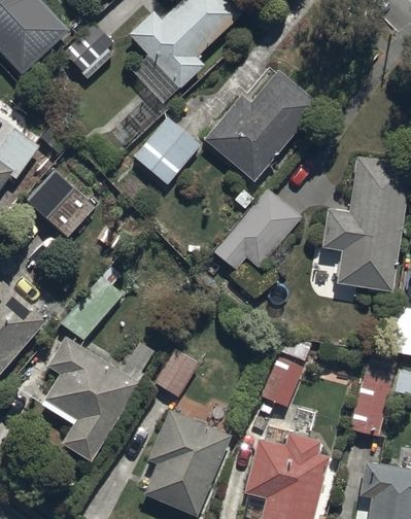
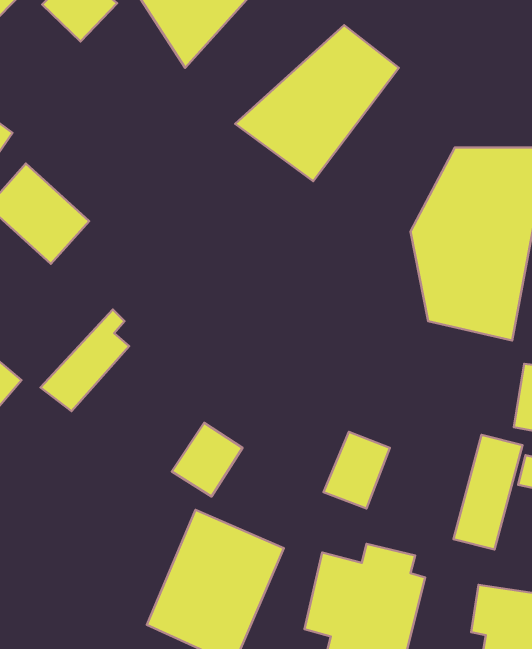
building: [133,115,202,186] -> none
building: [211,192,294,264] -> none
building: [46,337,155,461] -> none

